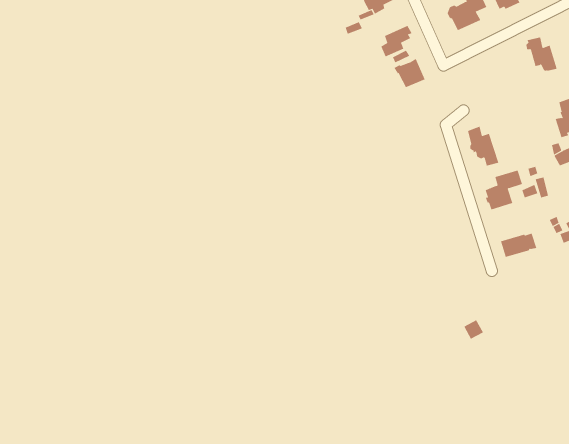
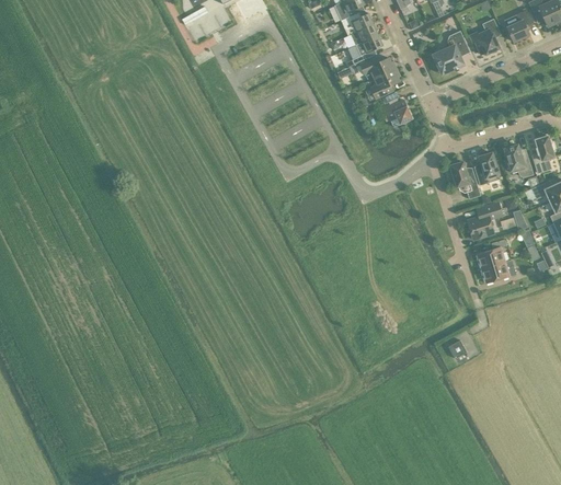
building: none -> [359,56,396,81]
building: [525,37,557,71] -> [503,145,533,176]
building: none -> [473,152,500,185]
building: none -> [477,239,506,267]

